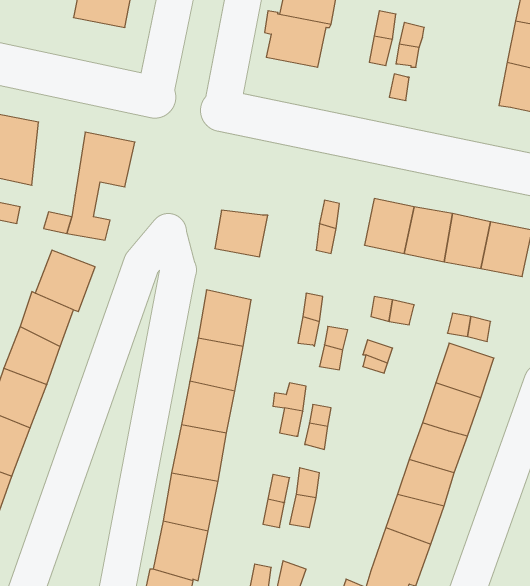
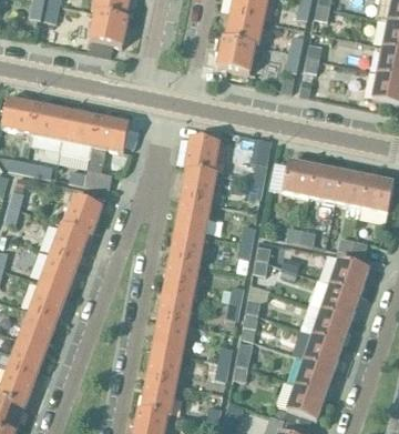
building: none -> [60,109,95,158]
building: none -> [184,128,222,171]
building: none -> [176,193,212,228]

